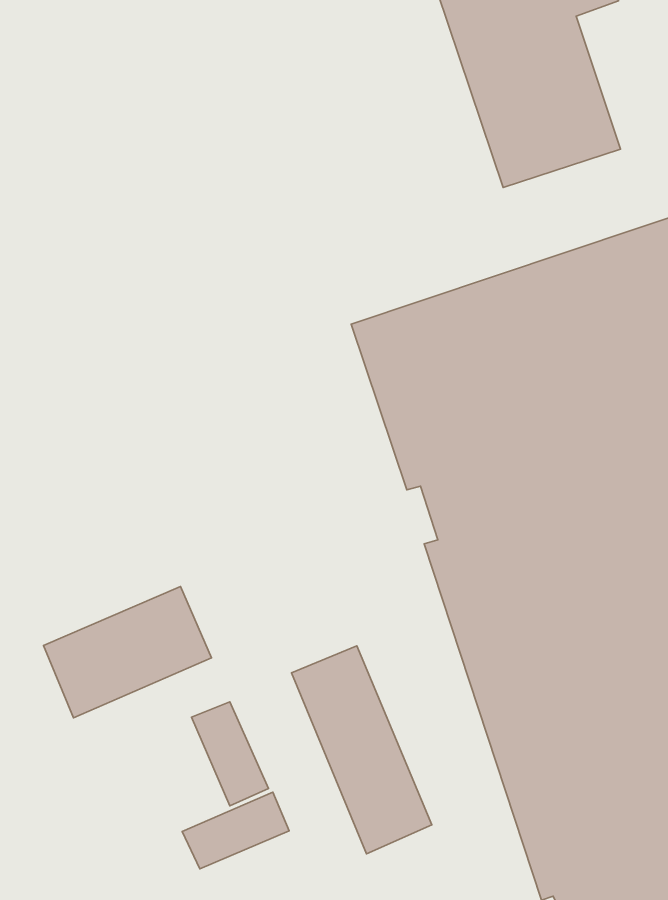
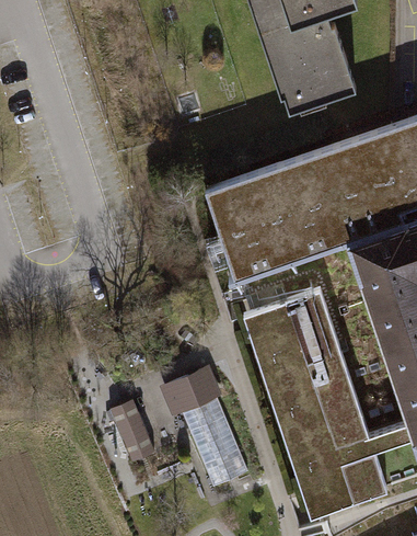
building: [43,587,212,718] -> none
building: [182,792,289,869] -> none

